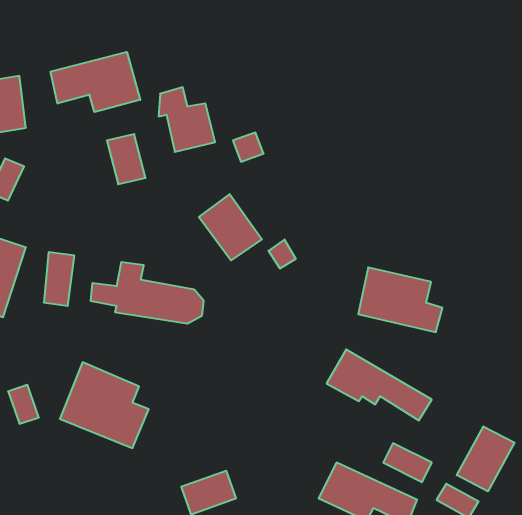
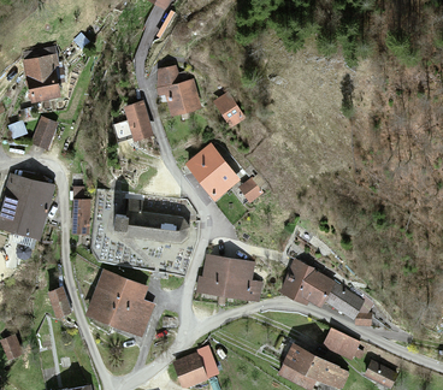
building: [51,52,140,112] -> none
building: [358,267,442,332] -> [200,255,262,303]
building: [457,426,515,491] -> none

